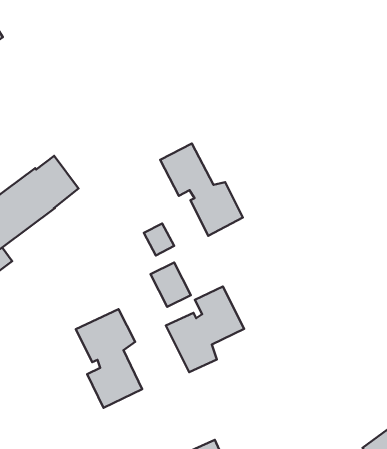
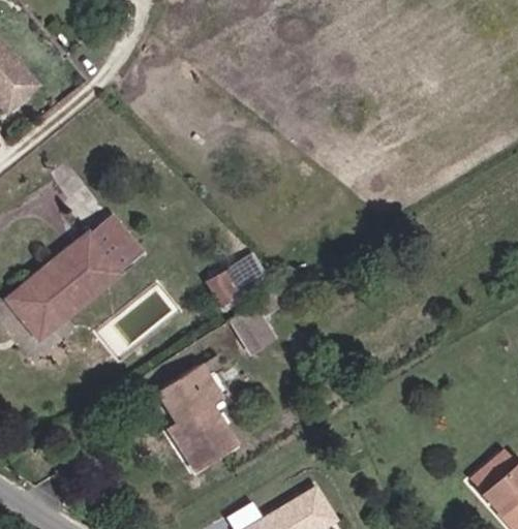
building: [160,143,243,236] -> none
building: [166,286,244,372] -> none

